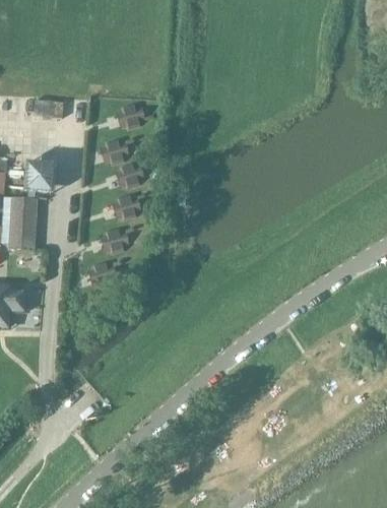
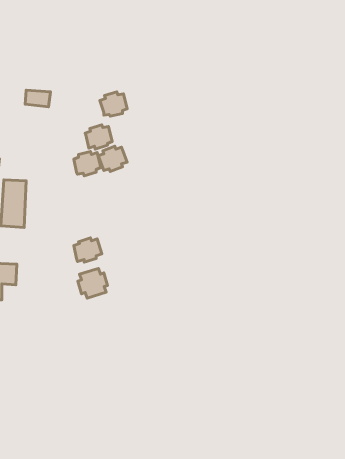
building: [24,161,57,194] -> none
building: [113,193,142,219] -> [74,152,101,176]
building: [101,227,131,253] -> none
building: none -> [78,268,108,298]

